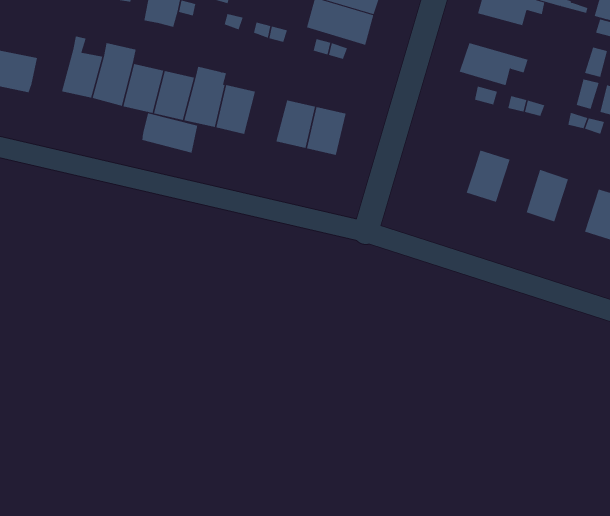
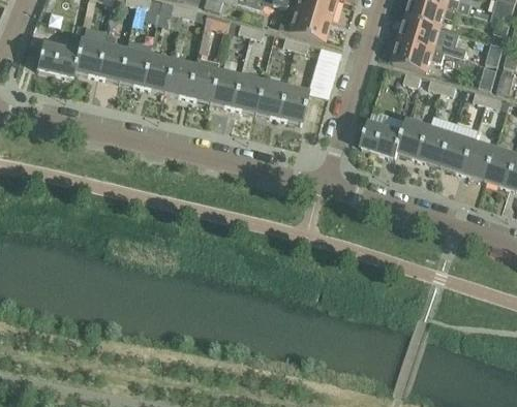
building: none -> [399,17,467,57]
building: none -> [74,38,104,74]
building: none -> [308,44,341,95]
building: none -> [233,74,264,112]
building: [142,112,198,153] -> none
building: none -> [361,120,403,156]
building: none -> [420,125,452,164]
building: none -> [463,139,495,179]

